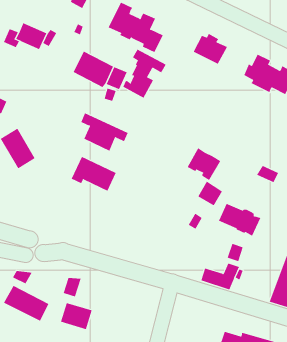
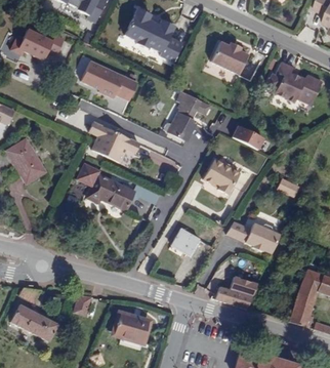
building: [122,49,166,99] -> [164,89,210,141]
building: none -> [228,122,260,149]
building: [198,181,223,206] -> [172,228,199,254]
building: [60,302,92,330] -> [115,314,149,342]

